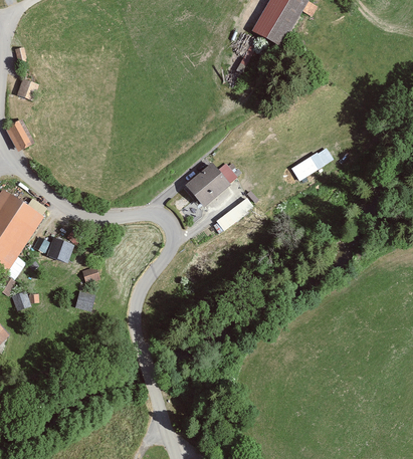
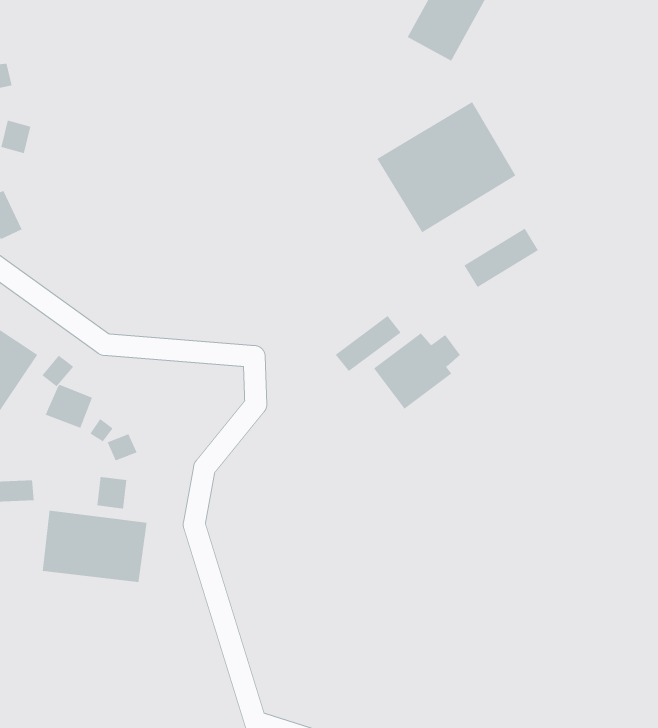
building: none -> [377,101,516,233]
building: [186,163,237,208] -> [373,332,461,410]
building: none -> [42,510,147,583]

